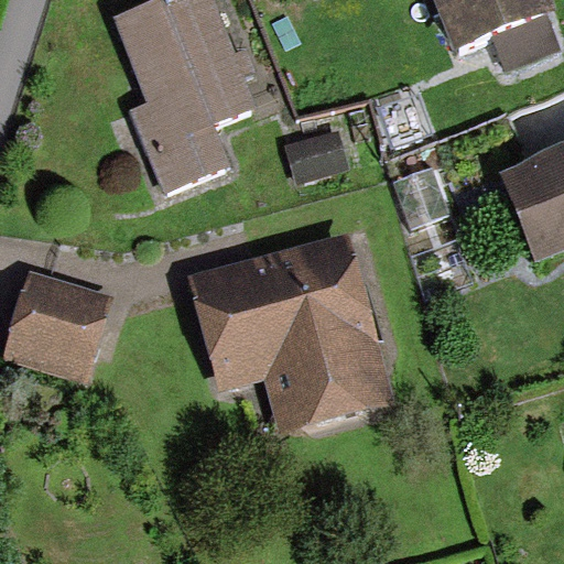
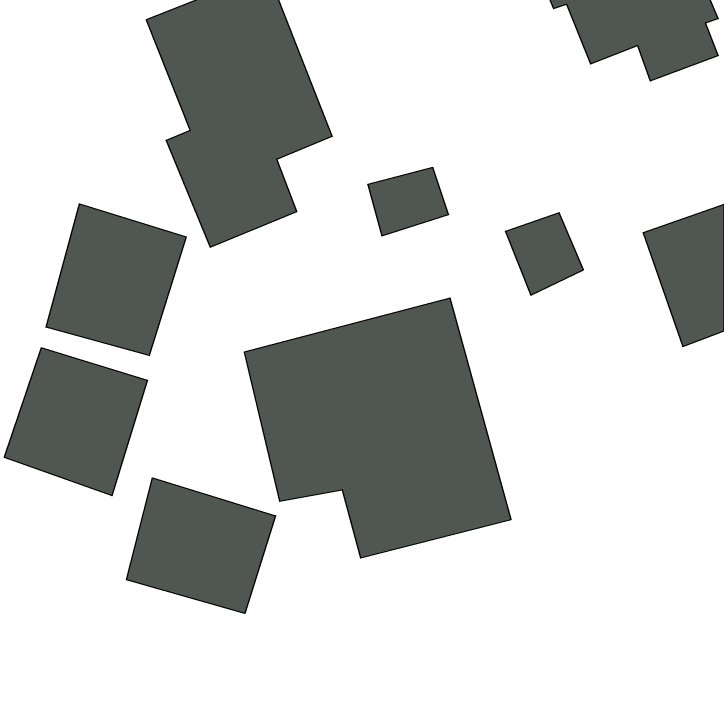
building: none -> [46,204,186,356]
building: none -> [126,478,275,613]

